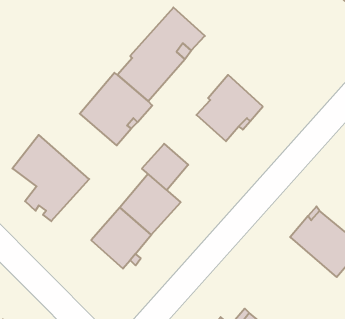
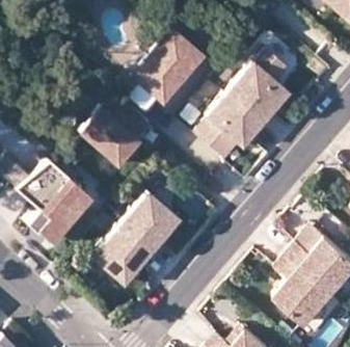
building: none -> [228,51,288,125]
building: [142,144,188,190] -> none
building: none -> [278,253,335,322]

